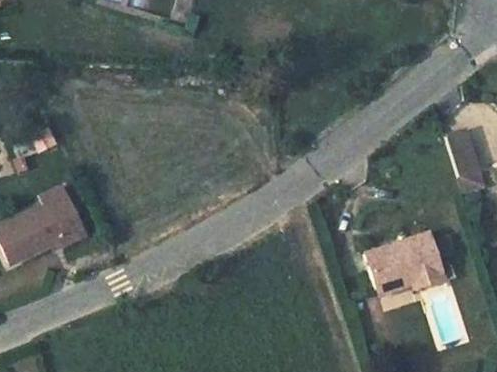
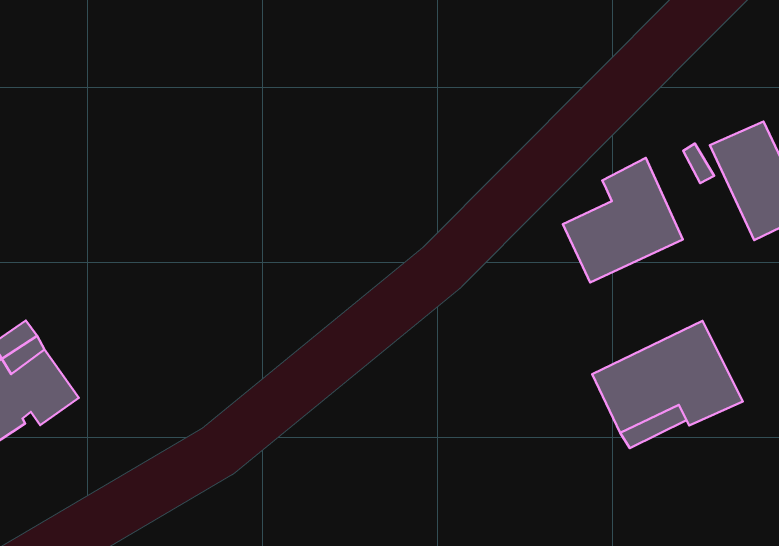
building: none -> [563,158,683,283]

